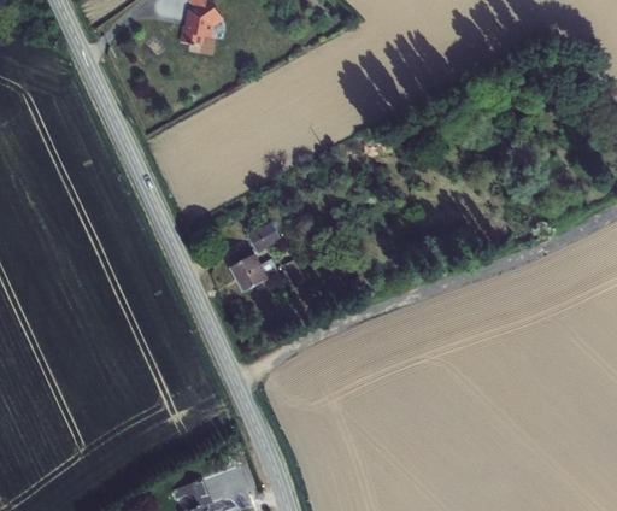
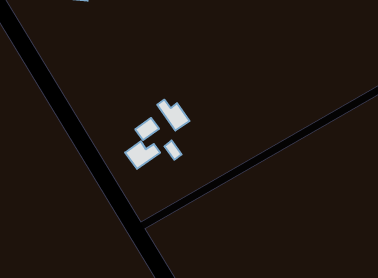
building: none -> [157,100,190,131]

